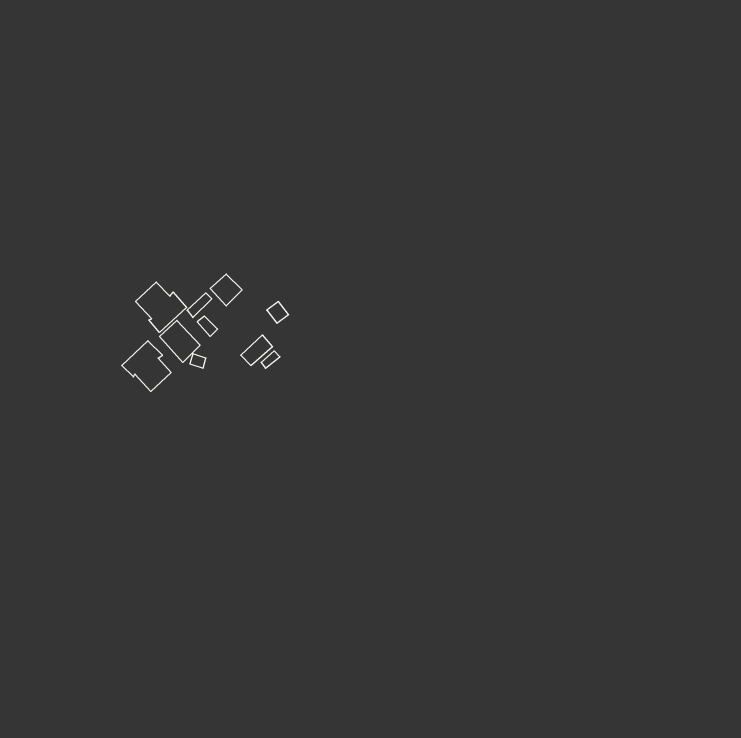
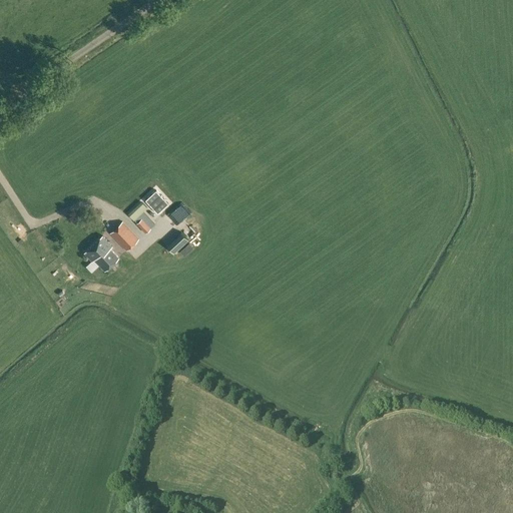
building: [136,282,187,332] -> none

